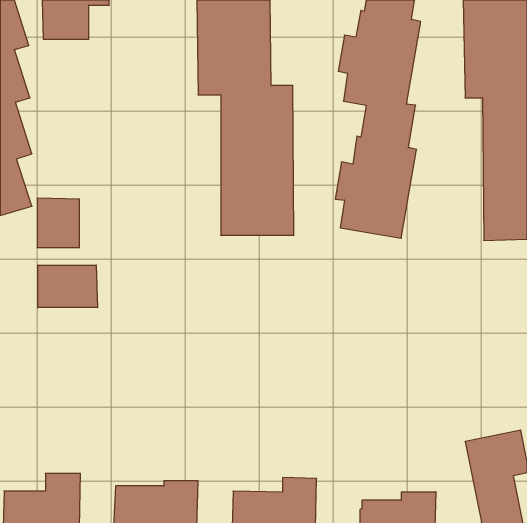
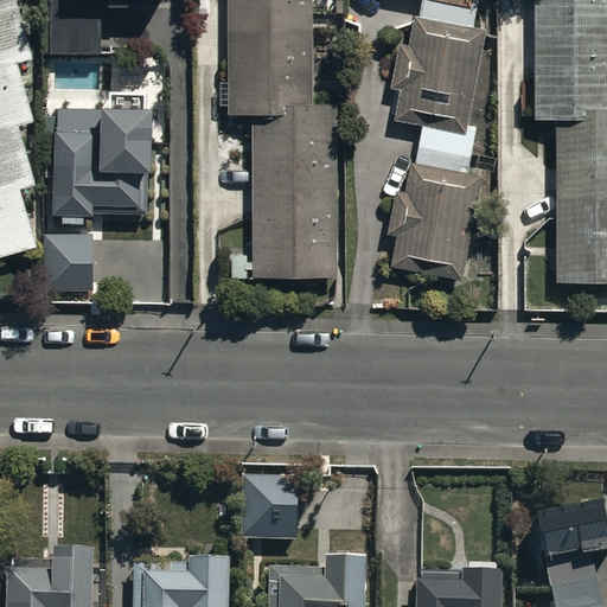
building: none -> [43,100,148,223]
building: [38,265,98,308] -> none
building: none -> [241,478,295,541]

